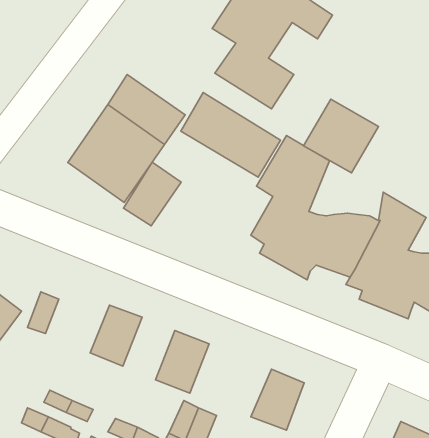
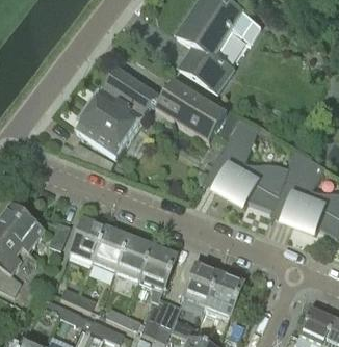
building: [304,99,379,173] -> none
building: [124,162,181,226] -> none
building: none -> [69,218,106,262]
building: none -> [115,237,152,281]
building: none -> [182,264,219,306]

